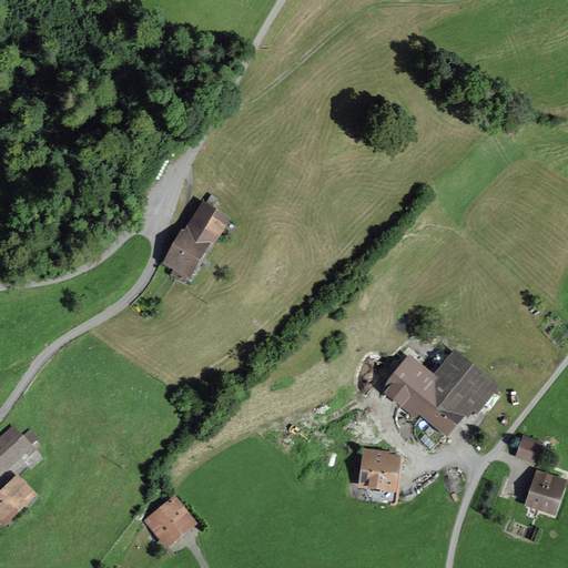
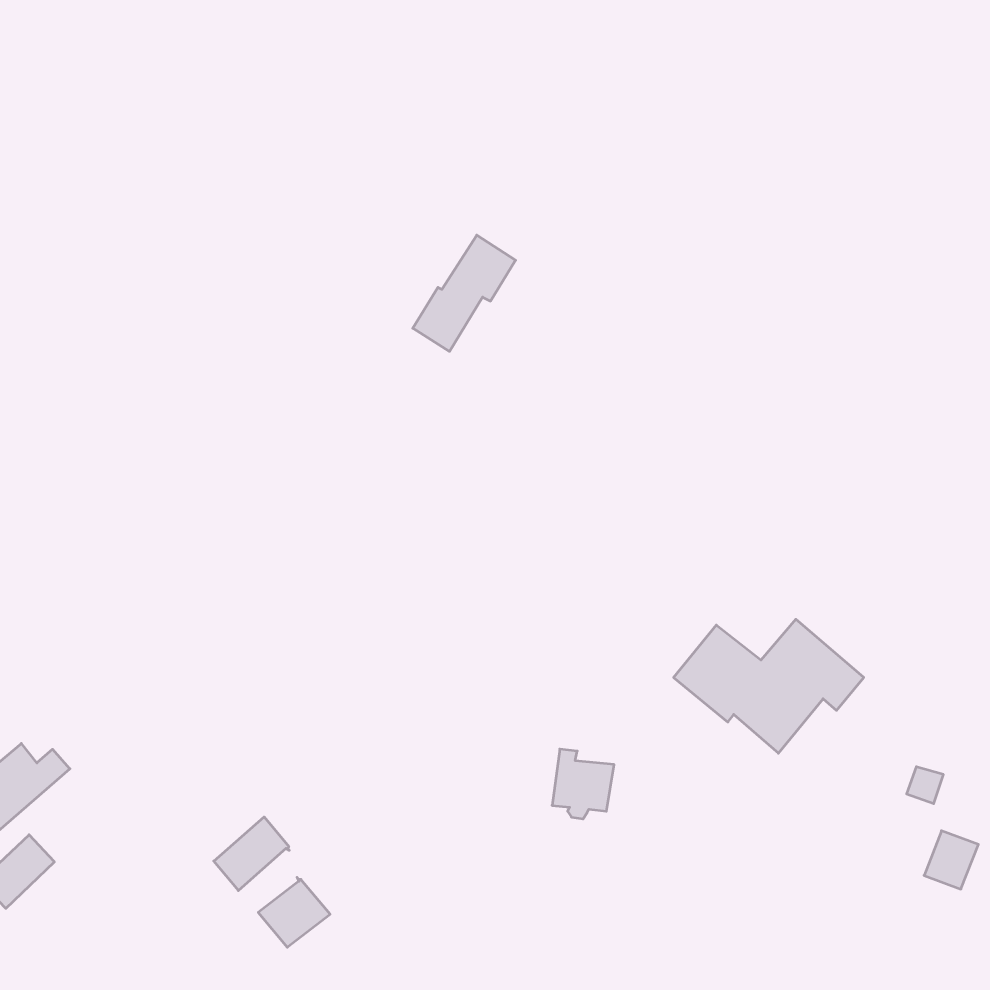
building: [166,205,225,272] -> [413,235,516,351]
building: [361,452,396,491] -> [552,749,614,819]
building: none -> [214,817,289,891]

